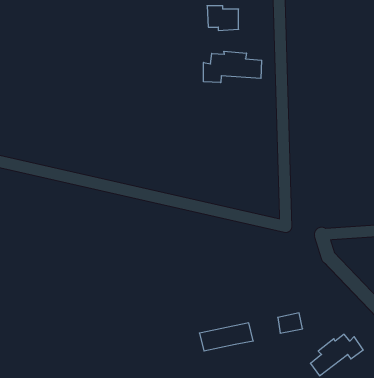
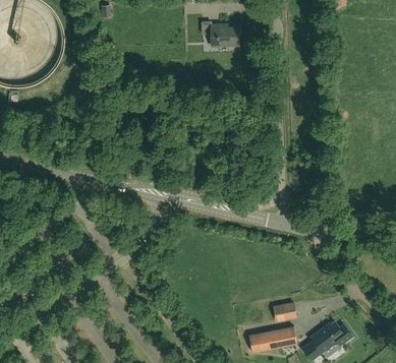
building: [204,51,262,83] -> none
building: [199,323,253,351] -> [248,327,297,353]

